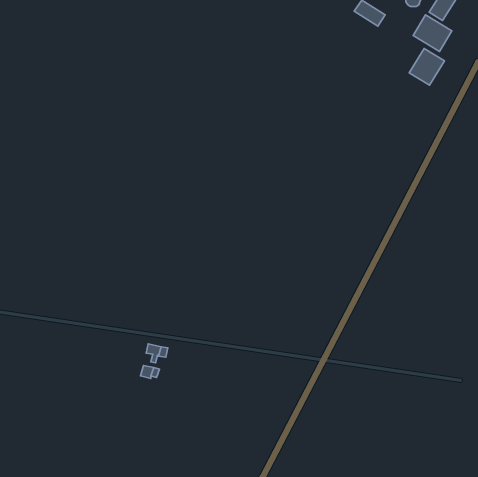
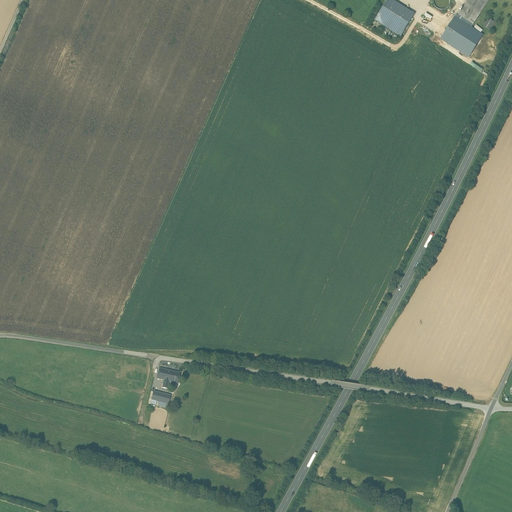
building: [409,48,444,85] -> none

